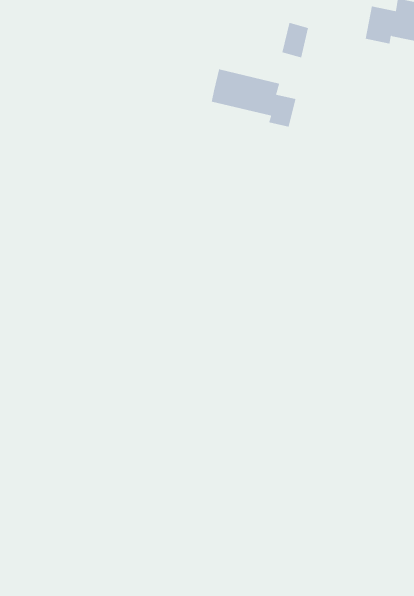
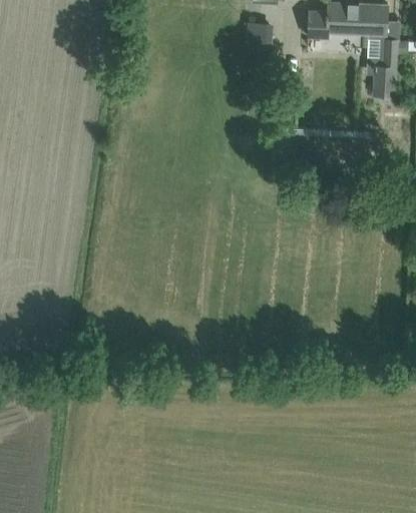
building: [211,68,296,128] -> none

